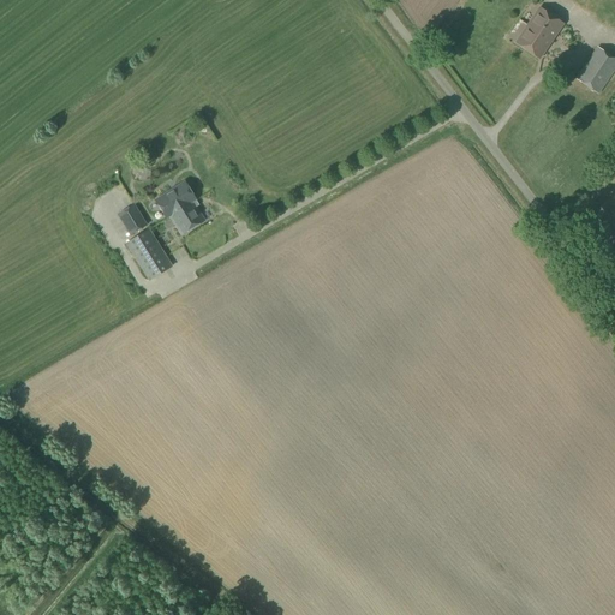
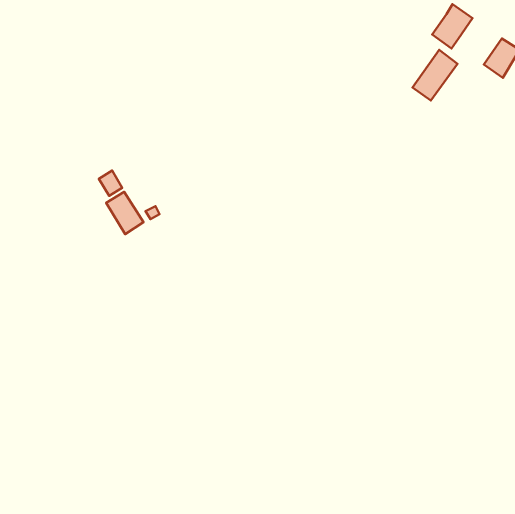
building: none -> [412,50,457,101]
building: [156,180,205,234] -> none

